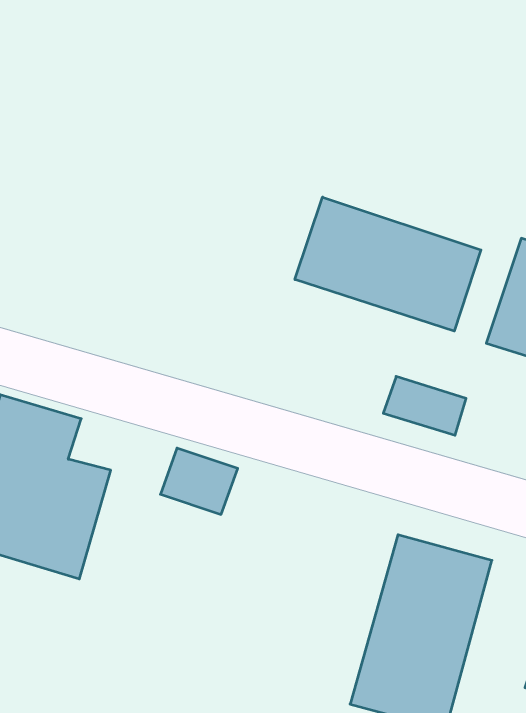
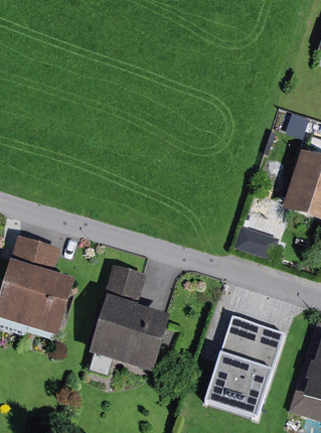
building: [295,197,481,331] -> none
building: none -> [85,294,170,374]

